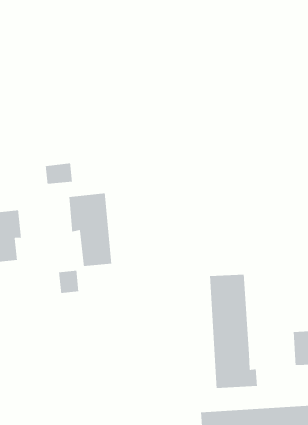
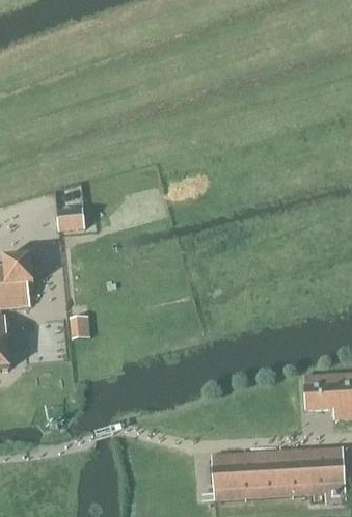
building: [68,192,112,267] -> none
building: [209,274,258,389] -> none

